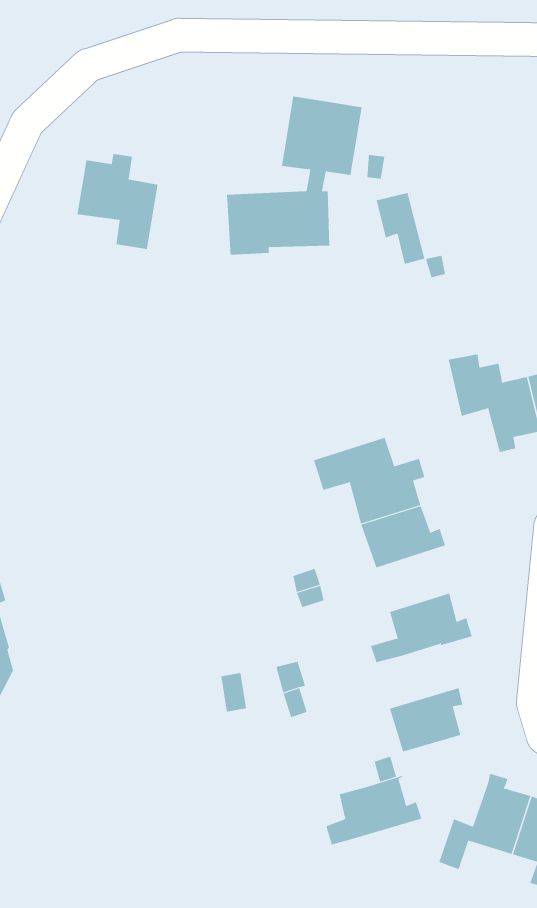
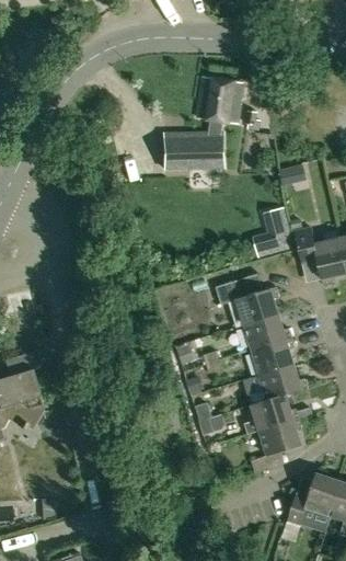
building: [77,153,158,250] -> none
building: [376,193,425,265] -> [264,209,292,251]
building: none -> [251,337,293,376]
building: [325,775,422,845] -> [243,394,299,435]

